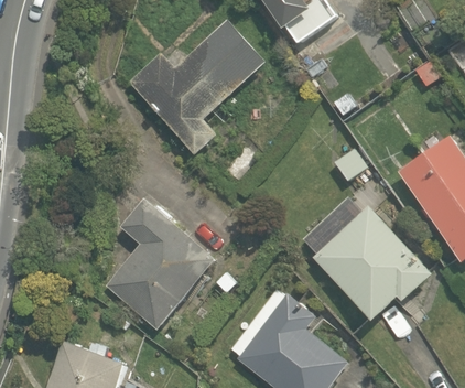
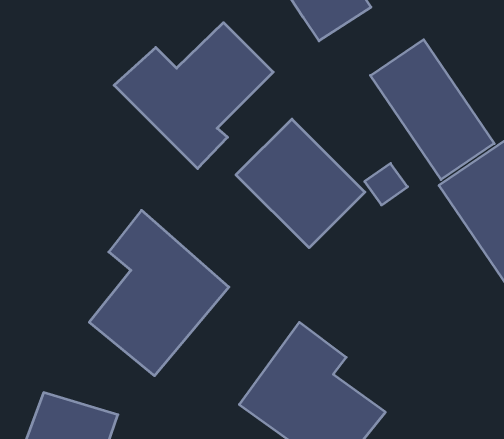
building: none -> [370,40,494,180]
building: none -> [236,119,365,248]
building: [312,202,435,320] -> none

